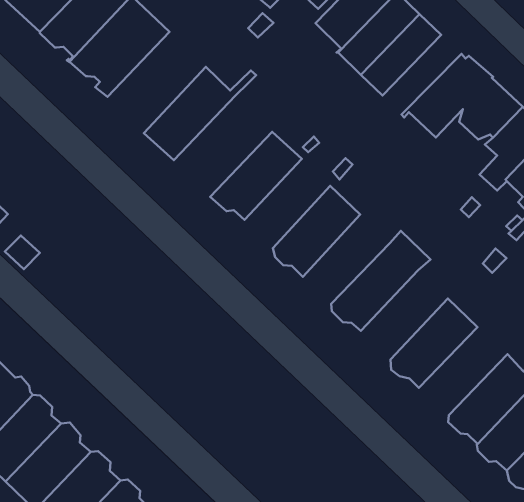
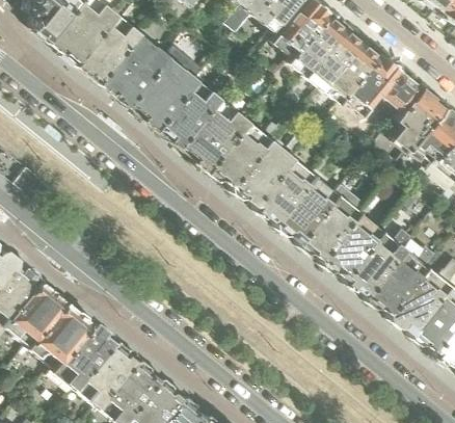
building: none -> [127,55,195,129]
building: none -> [323,42,377,101]
building: none -> [178,97,246,170]
building: none -> [232,138,291,204]
building: none -> [276,175,337,240]
building: none -> [321,211,381,276]
building: none -> [366,248,427,313]

